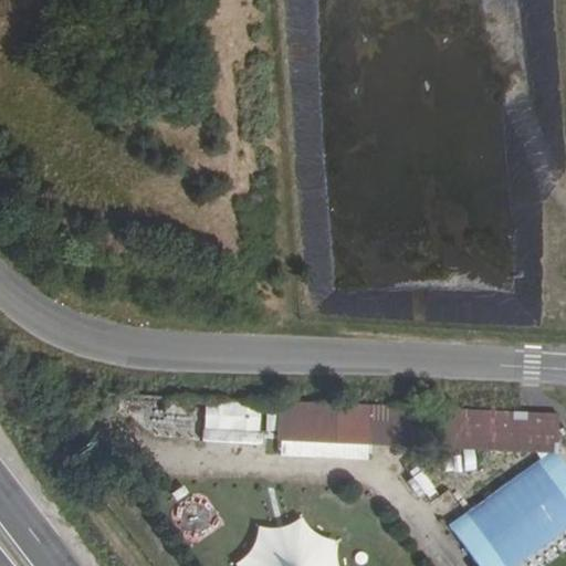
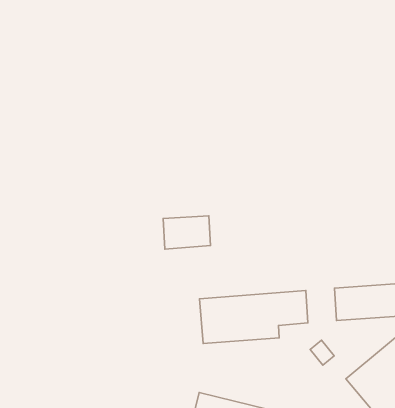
building: [202,402,261,442] -> [163,216,210,249]

